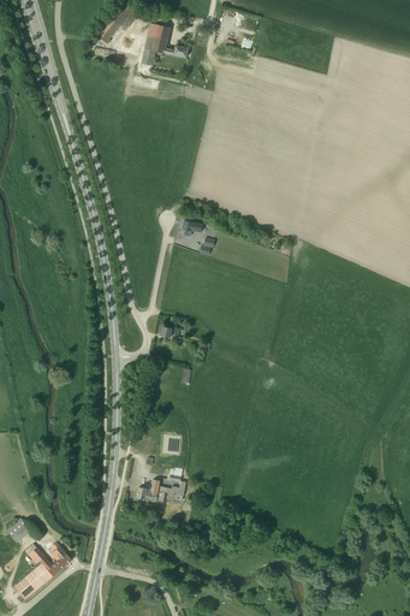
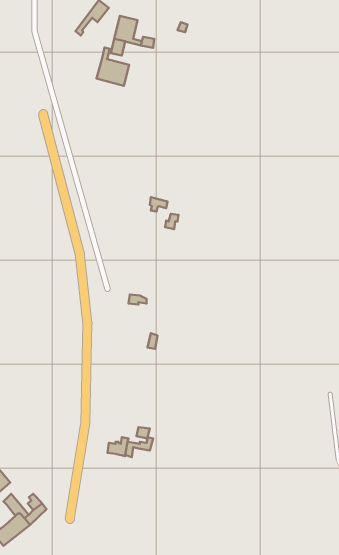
building: none -> [97,47,129,86]

